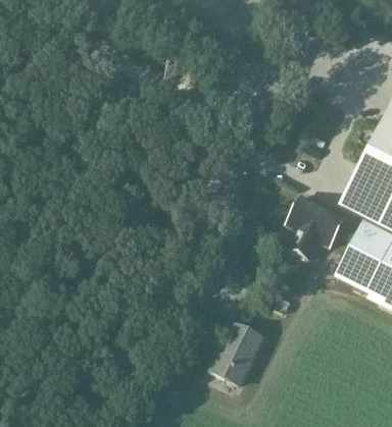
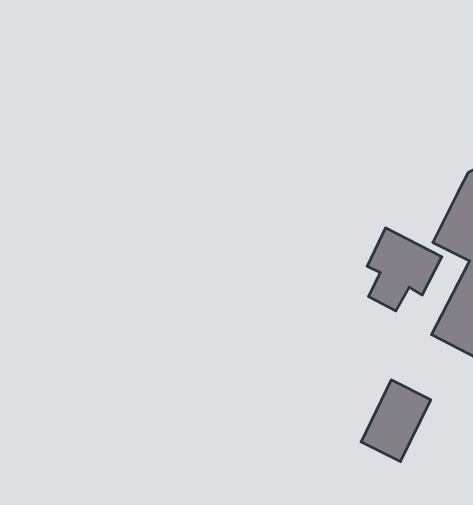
building: [210,319,264,382] -> [361,380,431,462]

